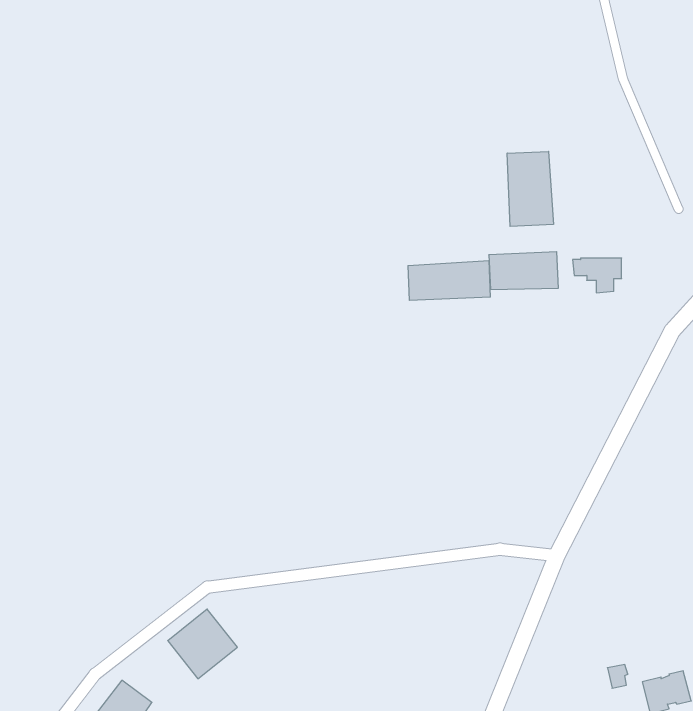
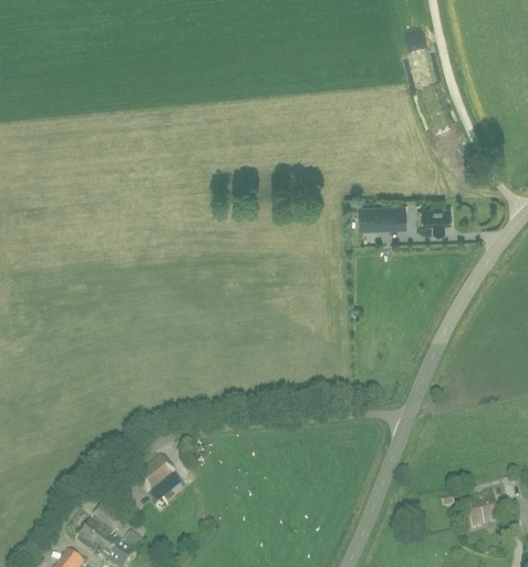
building: [507,151,553,226] -> none
building: [408,261,490,300] -> none

